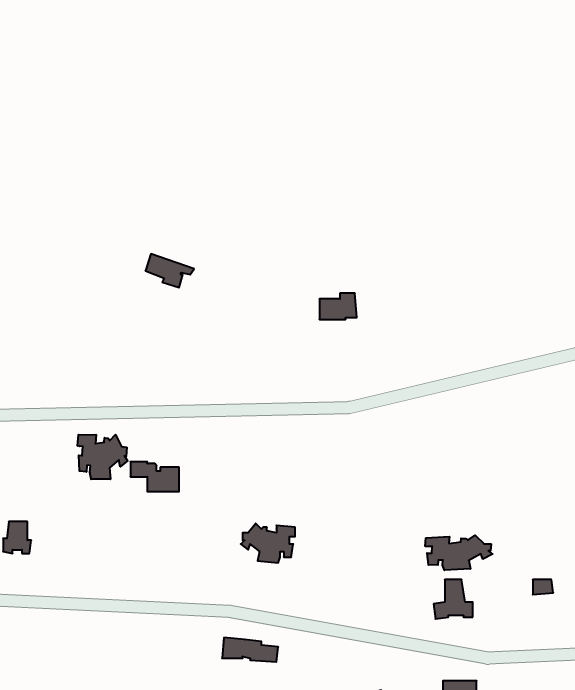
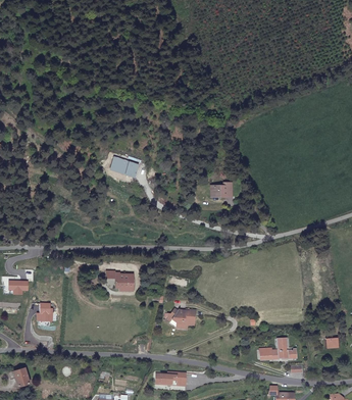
building: [78,435,128,479] -> none
building: [425,535,493,570] -> none

